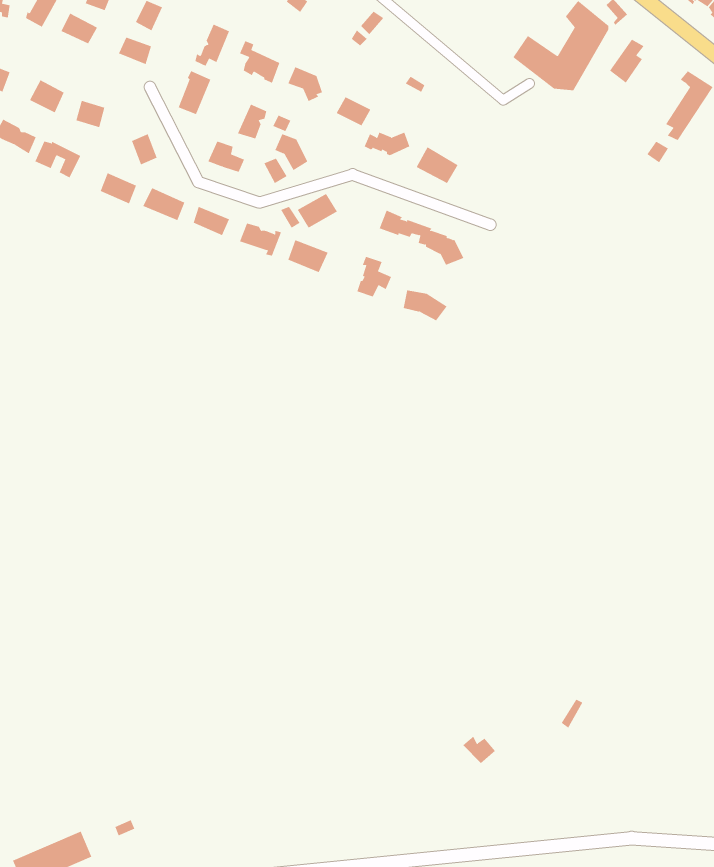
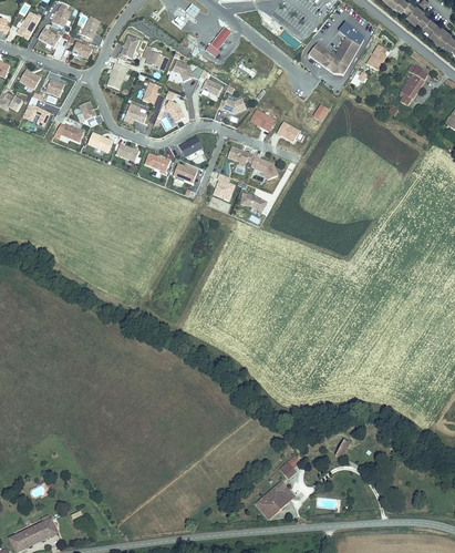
building: none -> [251,478,292,518]

